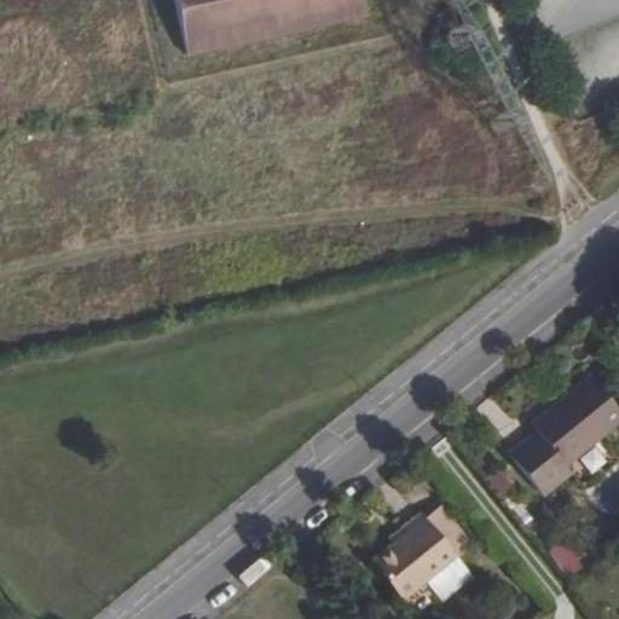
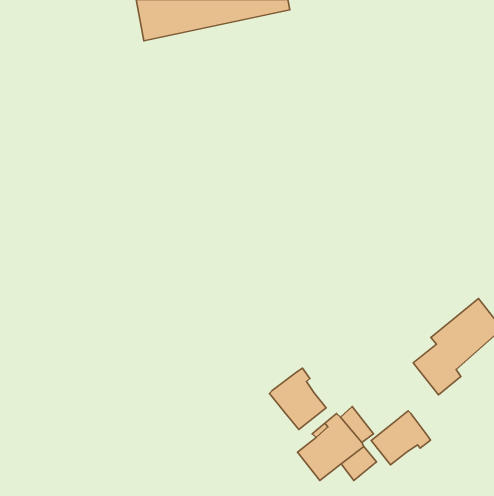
building: none -> [269,368,326,430]
building: none -> [371,411,430,465]

